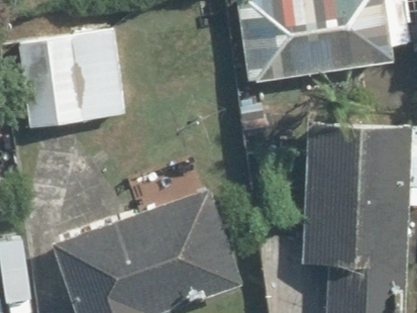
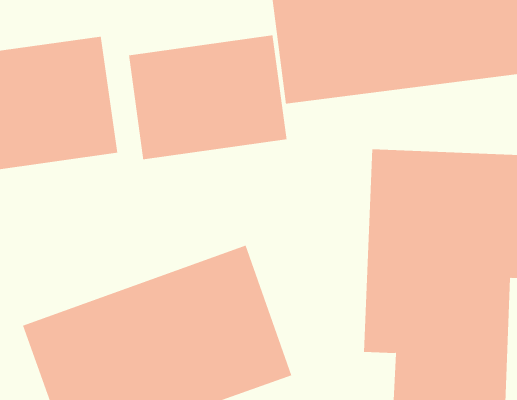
building: none -> [129,35,287,160]

